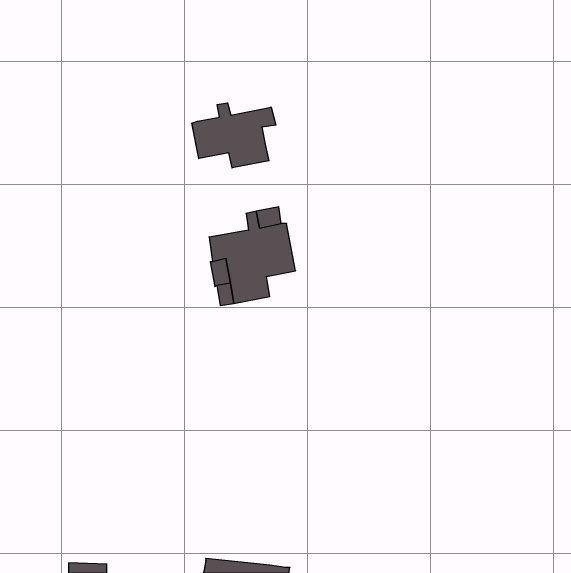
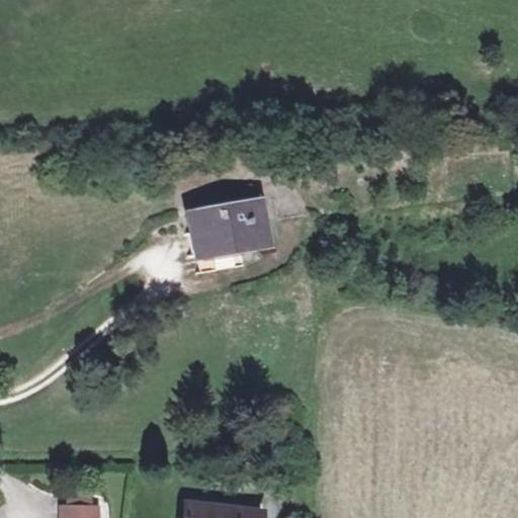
building: [192,103,276,168] -> none

